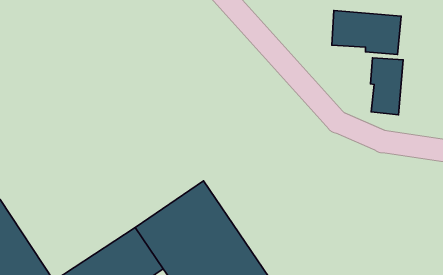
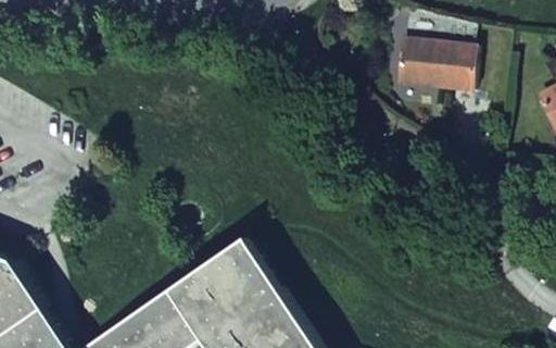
building: [370,58,403,115] -> none

